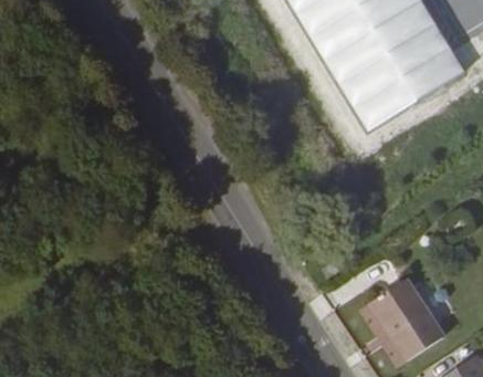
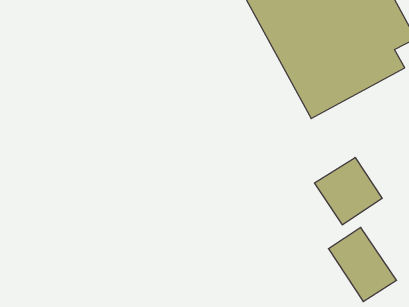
building: none -> [314,157,382,225]

